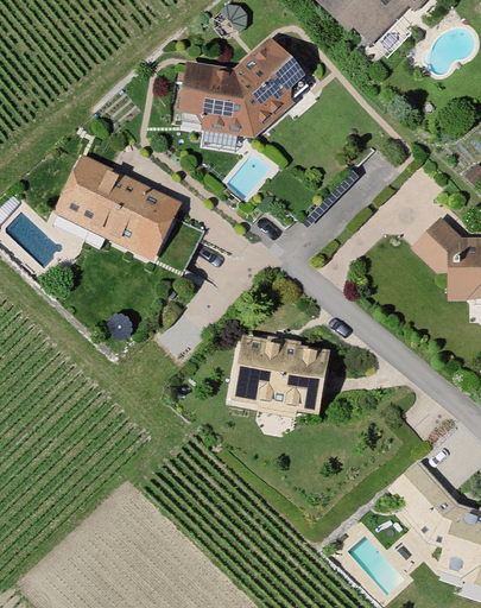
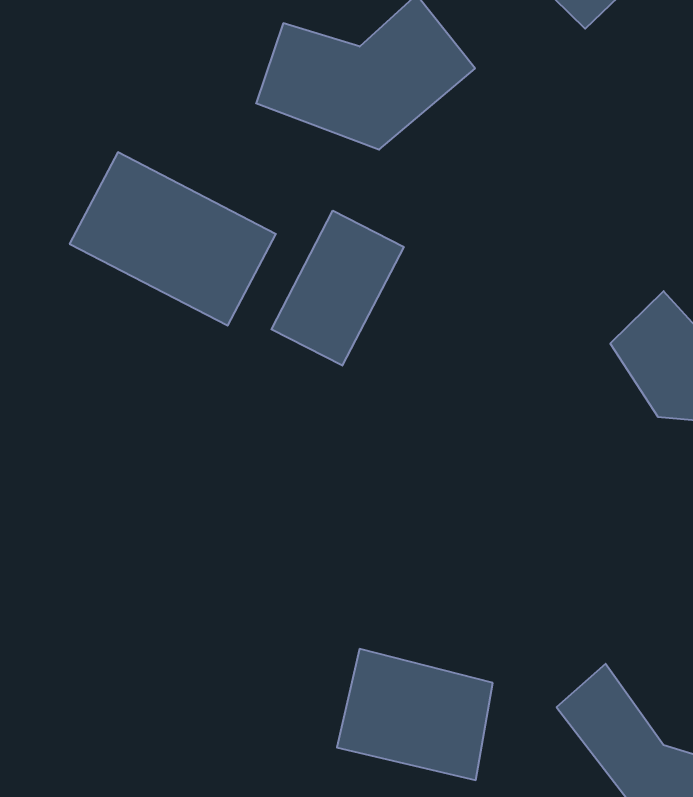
building: none -> [271,211,404,366]
building: [232,336,329,416] -> [337,649,493,780]

